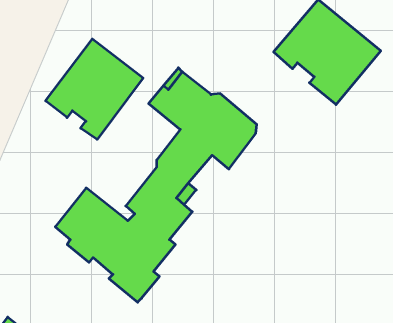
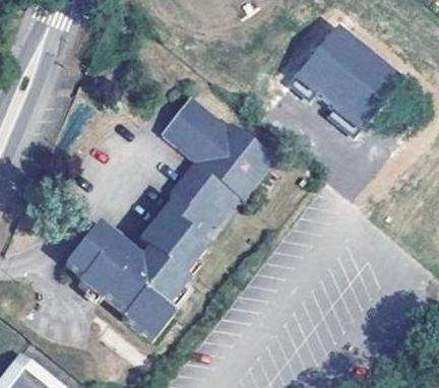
building: [46,39,143,139] -> none

